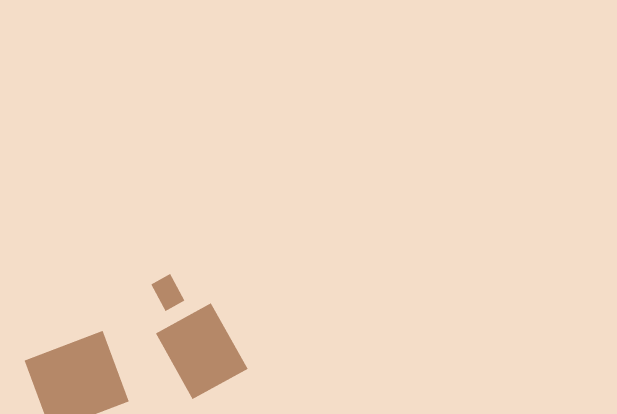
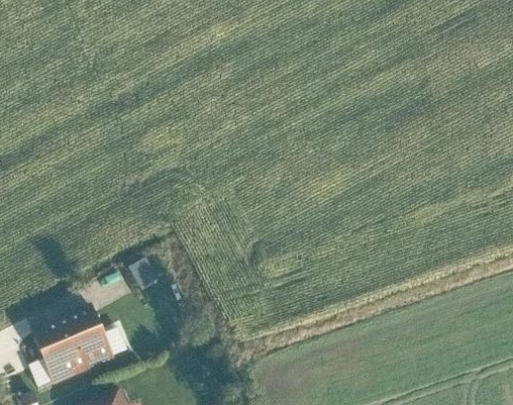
building: [155,302,249,400] -> none

